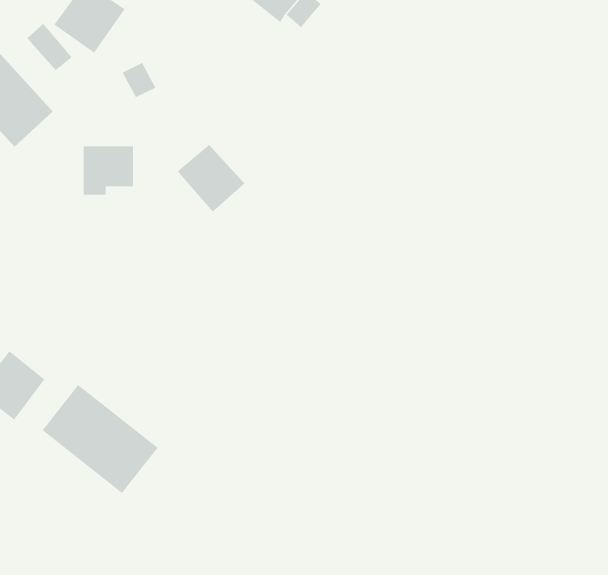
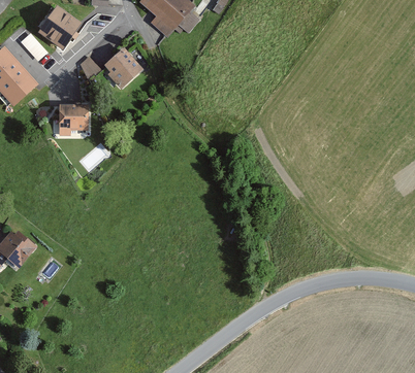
building: [177,144,245,212] -> [102,47,143,89]
building: [42,384,159,494] -> none

